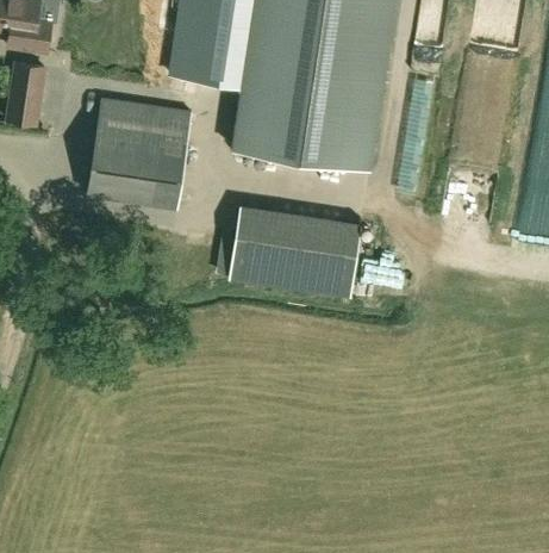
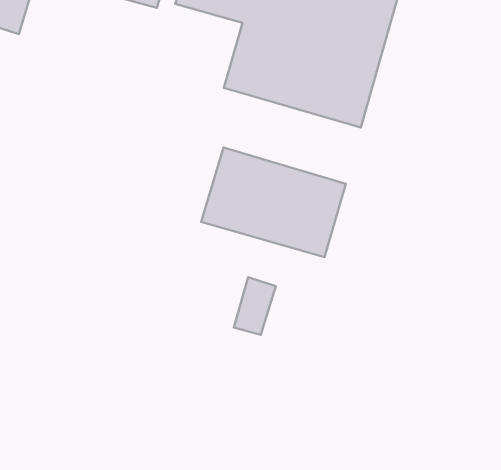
building: [87,101,192,210] -> none
building: none -> [234,277,276,335]

